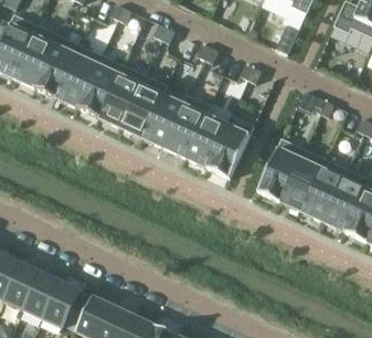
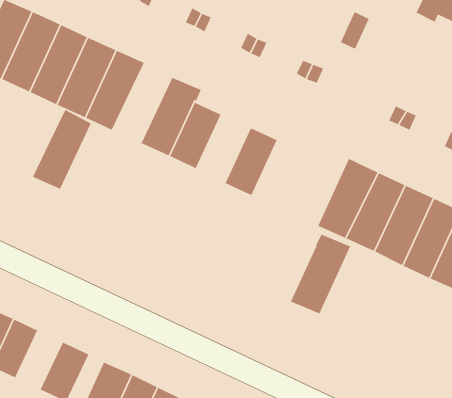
building: [98,64,145,127] -> [32,109,92,190]
building: [163,94,211,158] -> none
building: [206,115,254,178] -> [290,233,351,315]
building: [23,272,60,318] -> none

